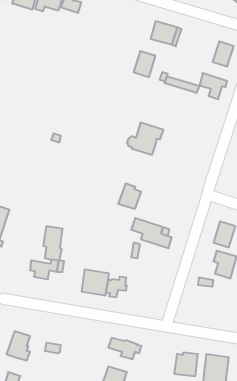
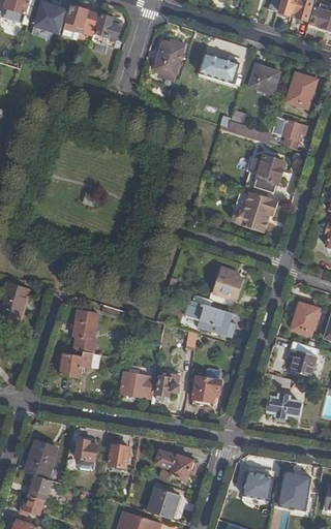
building: none -> [248,62,279,92]
building: [134,51,156,77] -> [155,40,183,73]
building: none -> [251,154,284,191]
building: [127,122,163,155] -> [231,190,277,231]
building: [118,184,141,209] -> [212,269,241,301]
building: none -> [190,376,219,406]
building: none -> [267,391,299,418]
building: none -> [66,438,98,468]
building: none -> [104,443,128,466]
building: none -> [28,474,52,500]

